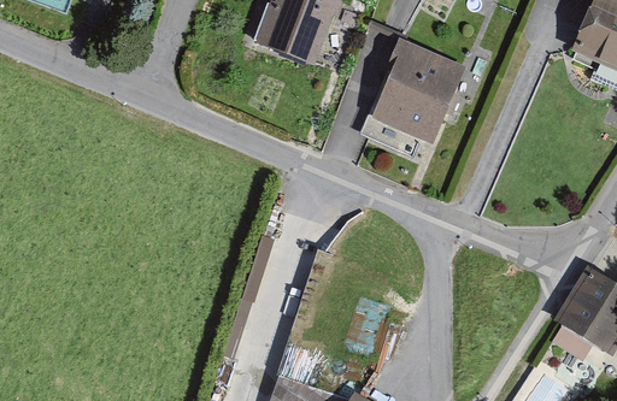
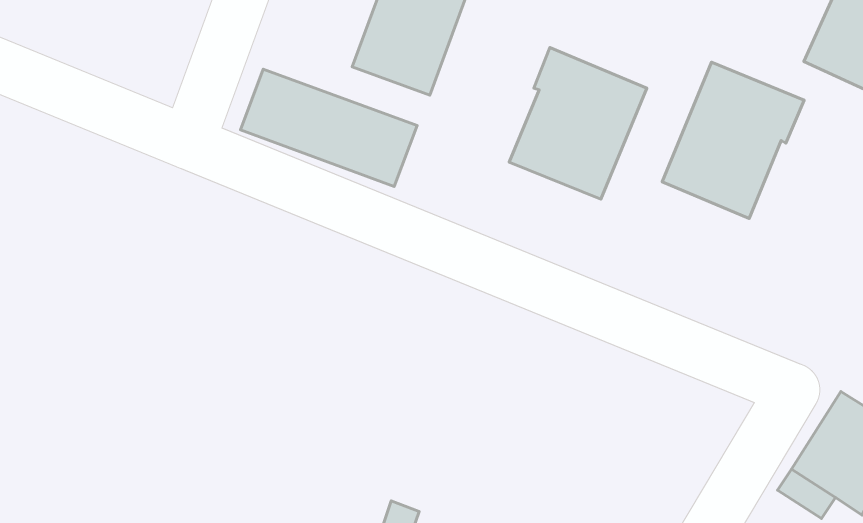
building: none -> [662,62,804,218]
building: none -> [240,69,417,187]

